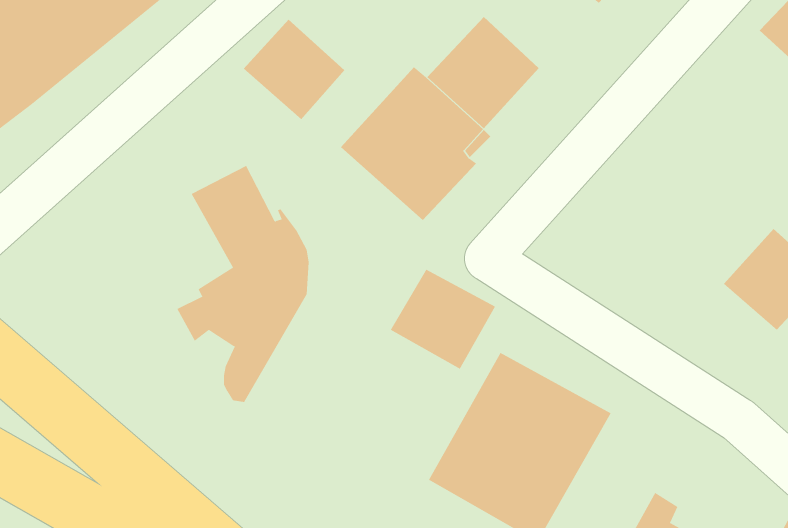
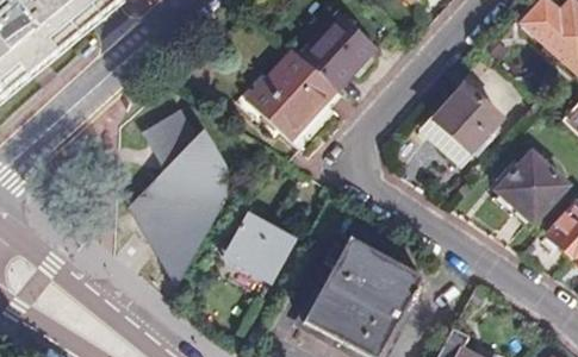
building: [243,19,345,120] -> none
building: none -> [425,83,503,161]
building: [390,269,496,369] -> [224,214,294,281]

